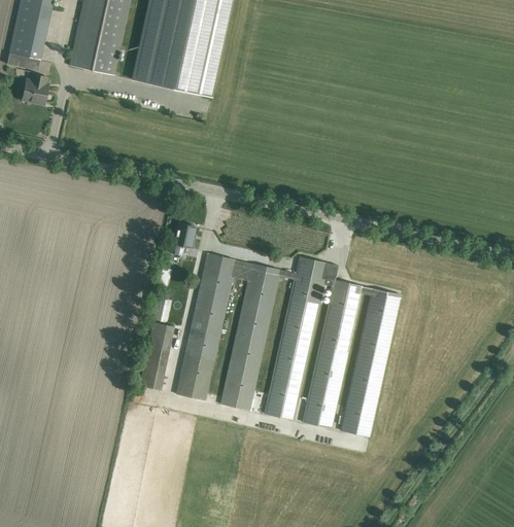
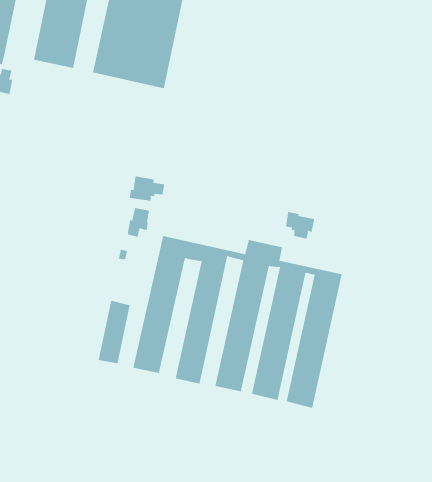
building: none -> [129,176,165,202]
building: none -> [285,211,315,240]

